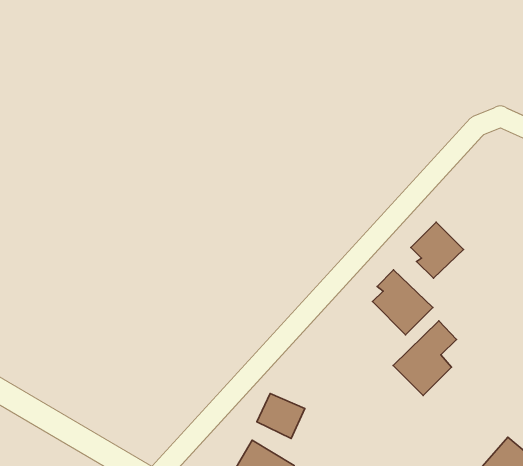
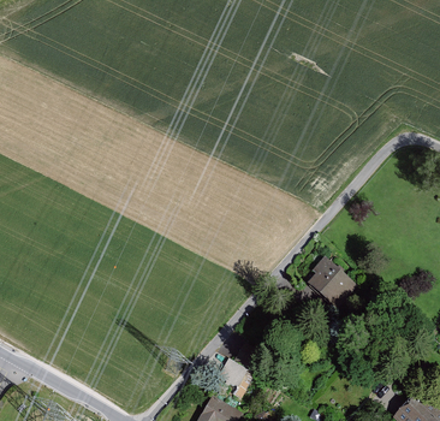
building: [411,222,464,278] -> none
building: [393,321,456,396] -> none

